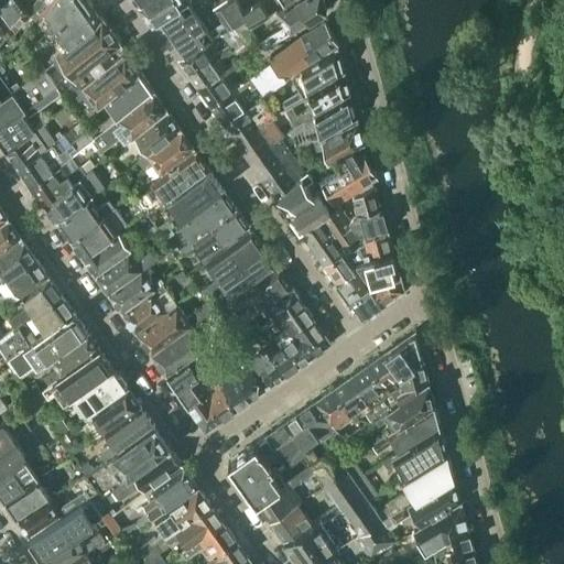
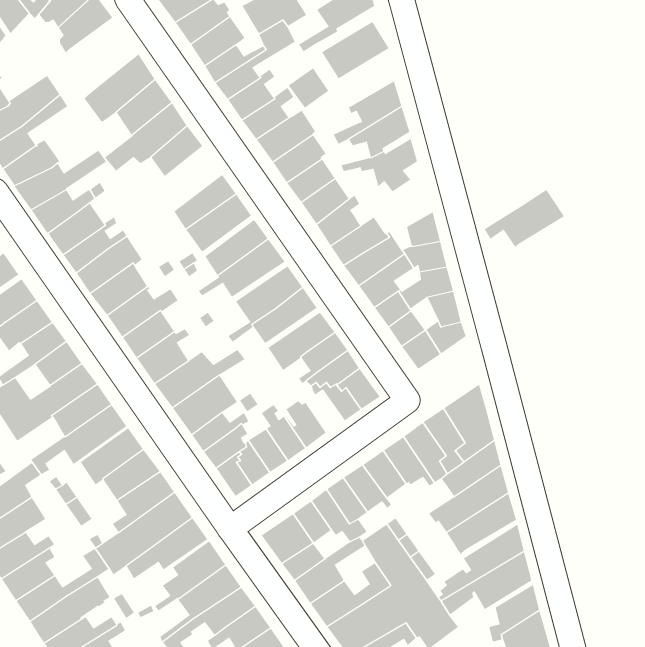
building: [47,20,121,89] -> none
building: [279,50,340,111] -> none
building: [143,130,191,176] -> none
building: [306,155,376,205] -> [484,189,565,247]
building: [258,339,297,376] -> none

